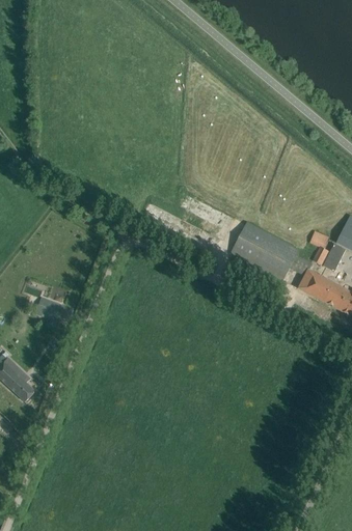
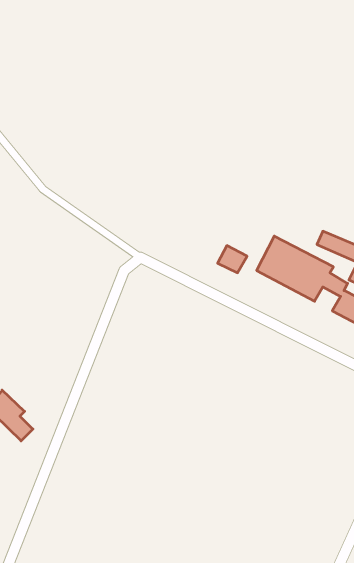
building: [35,297,67,324] -> none

